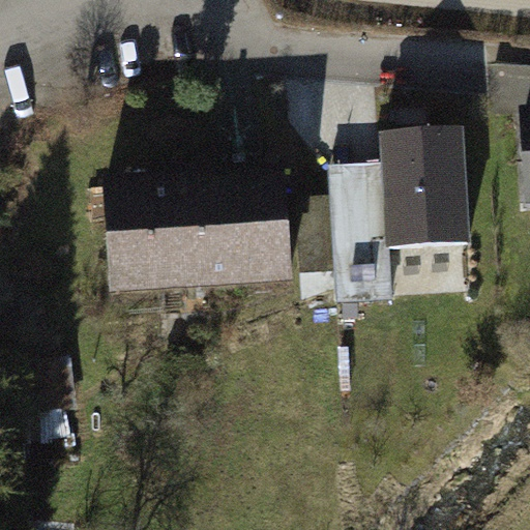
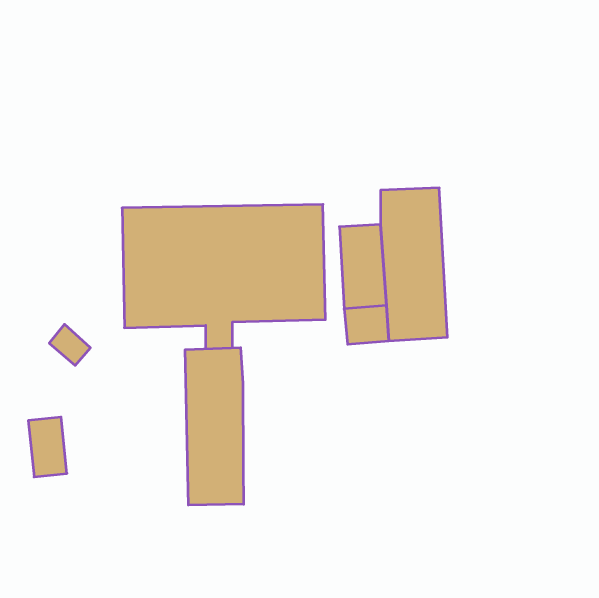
building: [387,129,470,248] -> none
building: none -> [185,348,244,505]

